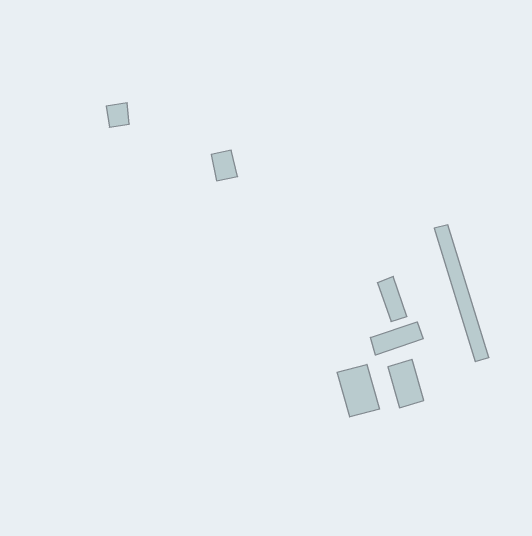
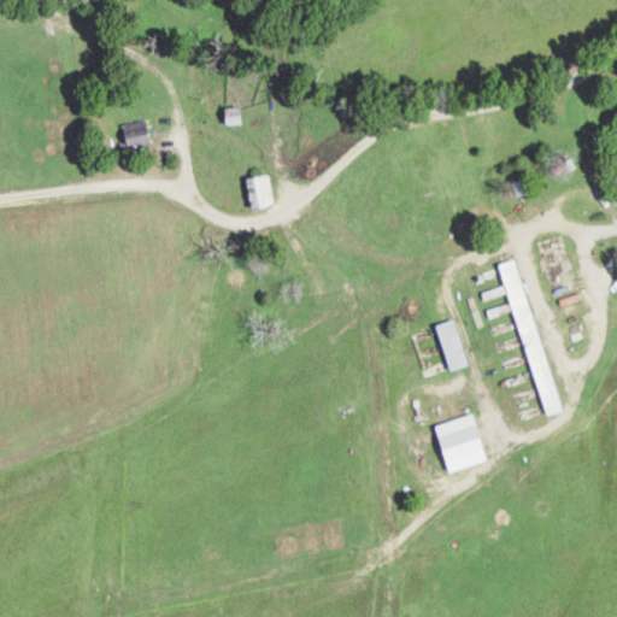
building: [370,322,423,355] -> none
building: [337,364,380,417] -> none

